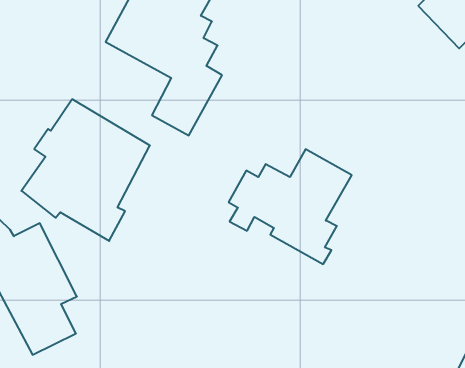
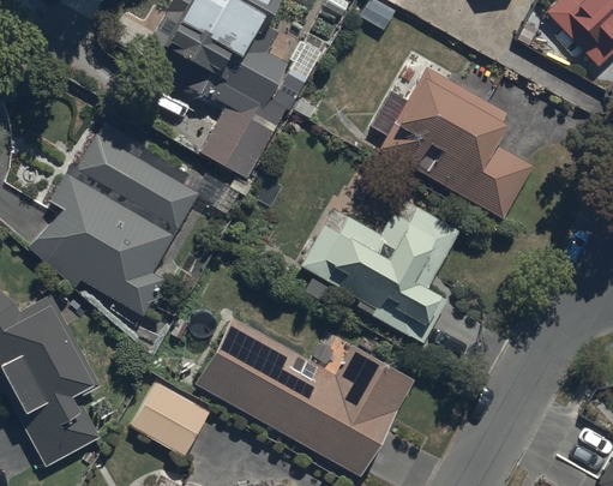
building: none -> [379,65,531,217]
building: none -> [193,314,411,475]
building: none -> [131,382,208,454]

